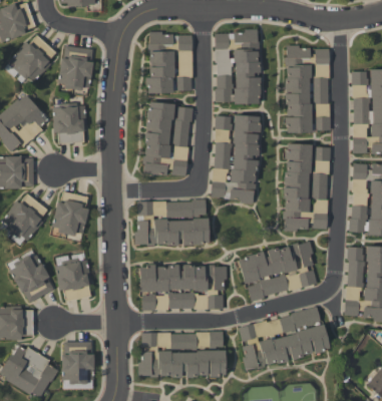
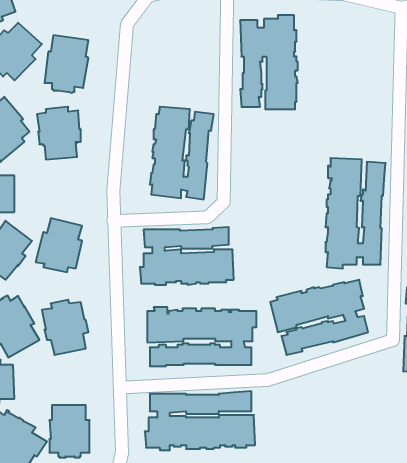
building: [146,32,193,94] -> none
building: [285,46,331,134] -> none
building: [211,115,261,205] -> none
building: [239,307,331,370] -> none

